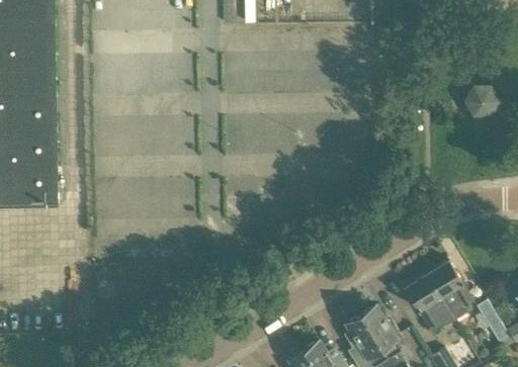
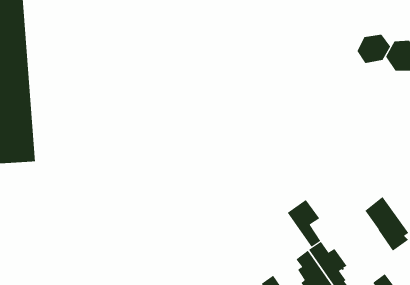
building: none -> [357,34,391,64]
building: [403,275,440,331] -> [287,199,321,248]

